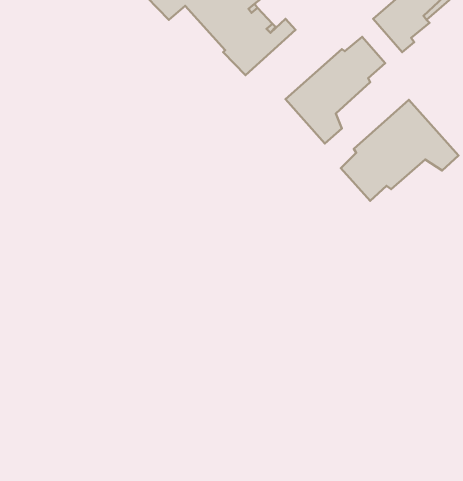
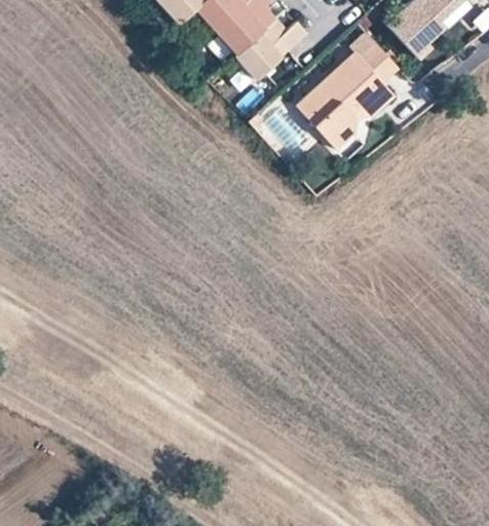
building: [341,100,459,201] -> none

